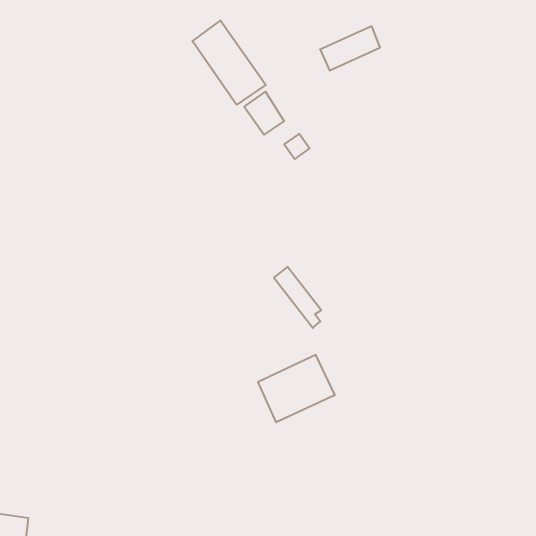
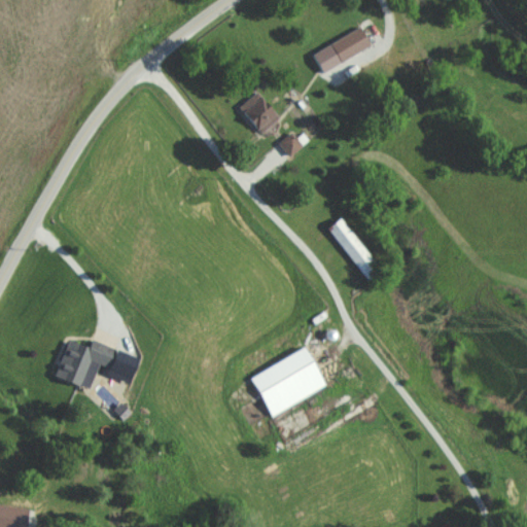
building: [192,20,266,105] -> none
building: [274,267,321,328] -> [327,218,374,278]
building: none -> [55,340,115,389]

